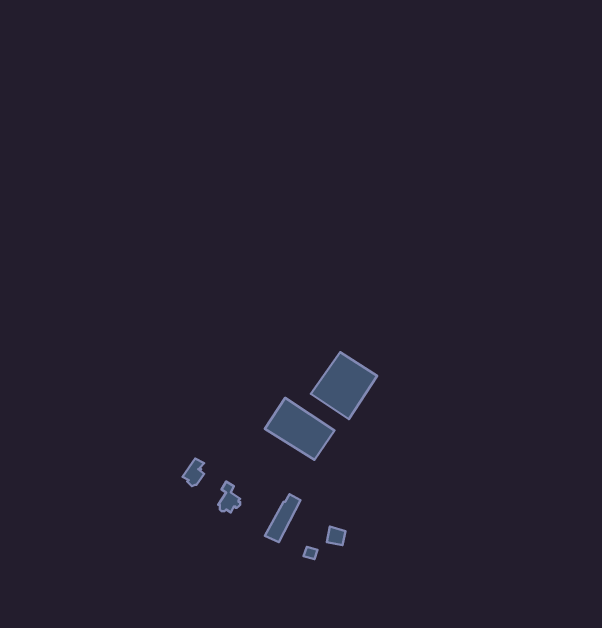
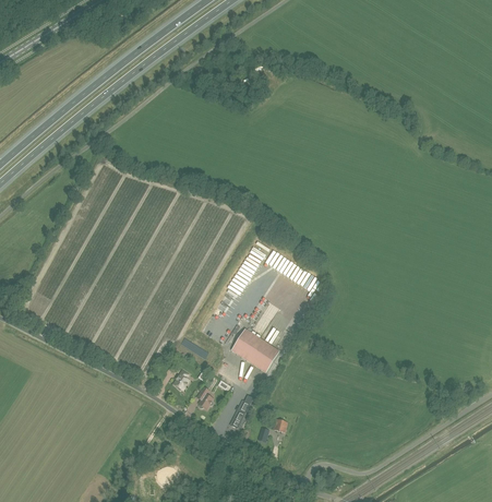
building: [311,352,377,419] -> none

